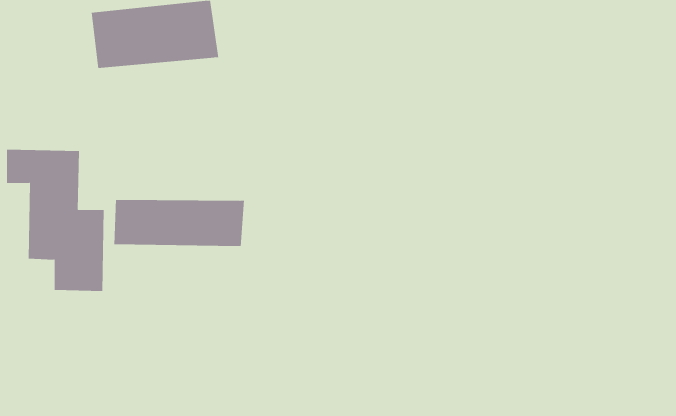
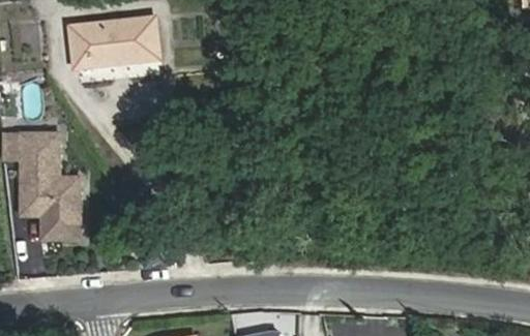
building: [114,199,244,247] -> none

